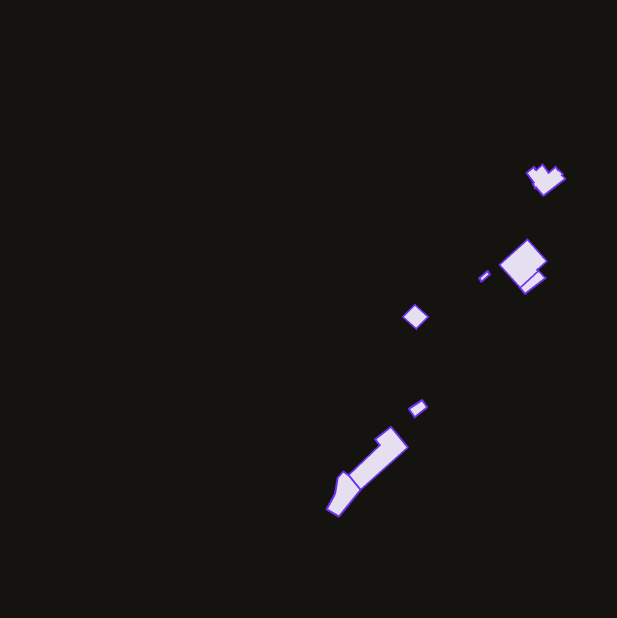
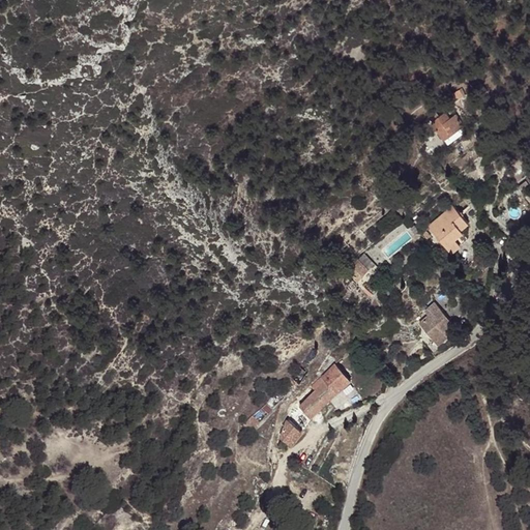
building: [527,164,565,196] -> [429,113,462,140]
building: none -> [418,304,454,347]

